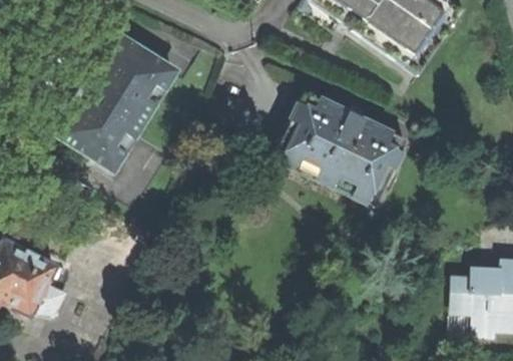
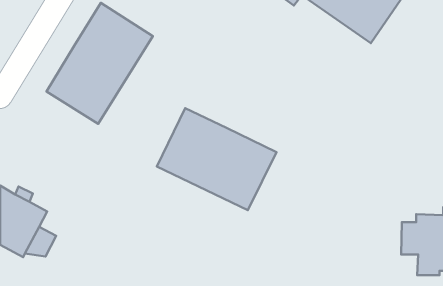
building: [274,90,408,205] -> [157,108,276,210]

